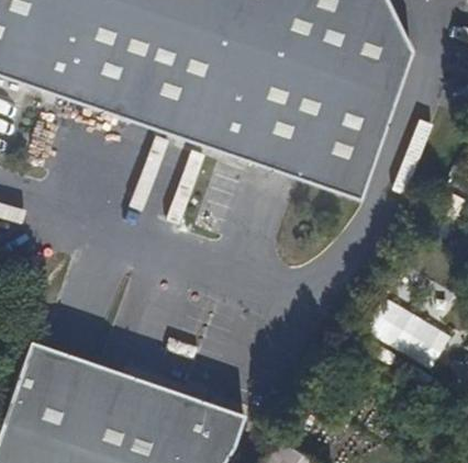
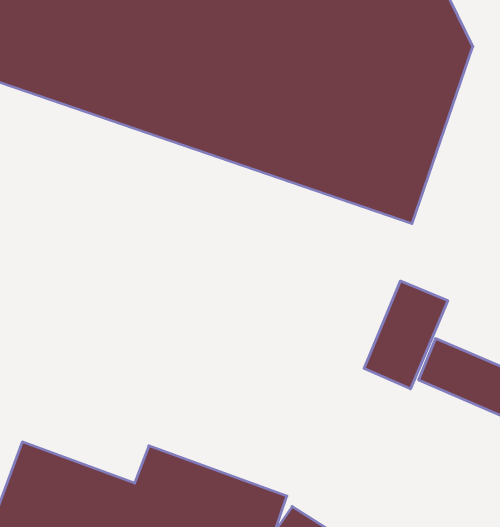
building: none -> [364,281,448,389]
building: [27,352,135,419] -> none

